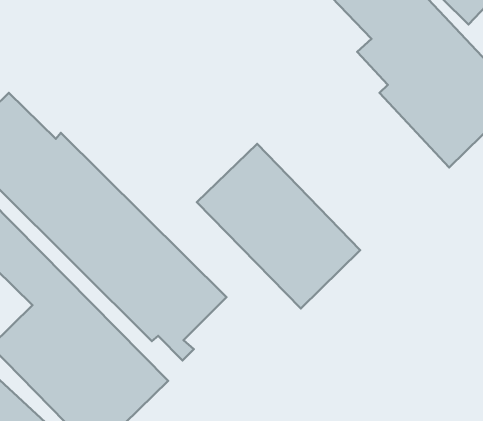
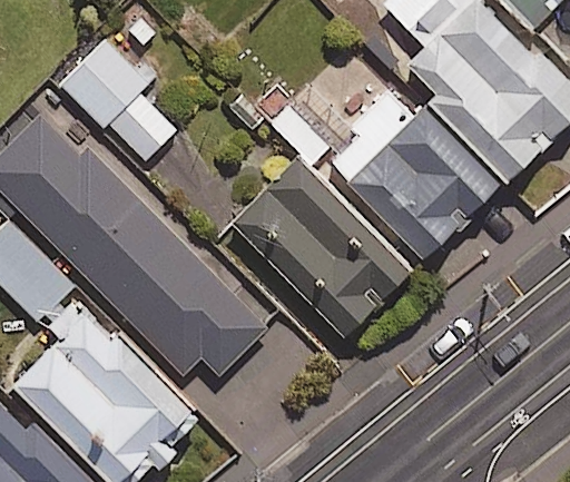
building: none -> [52,31,173,159]
building: none -> [266,88,503,263]

